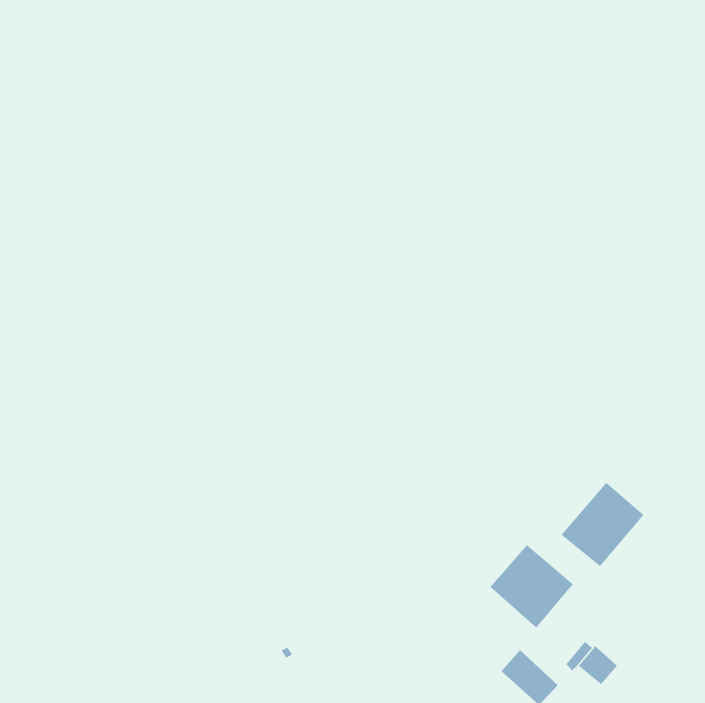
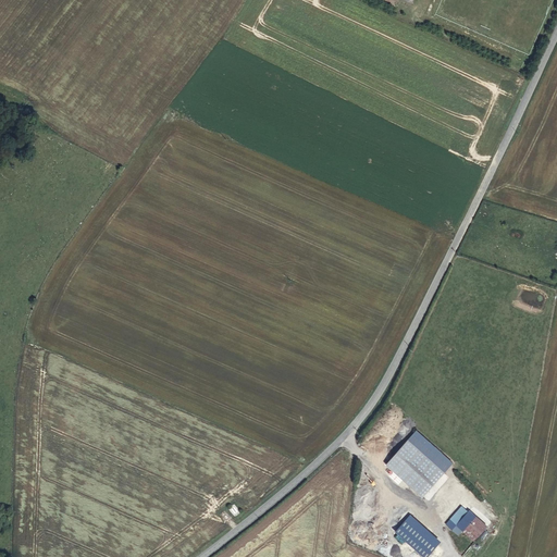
building: [560,482,645,567] -> none

